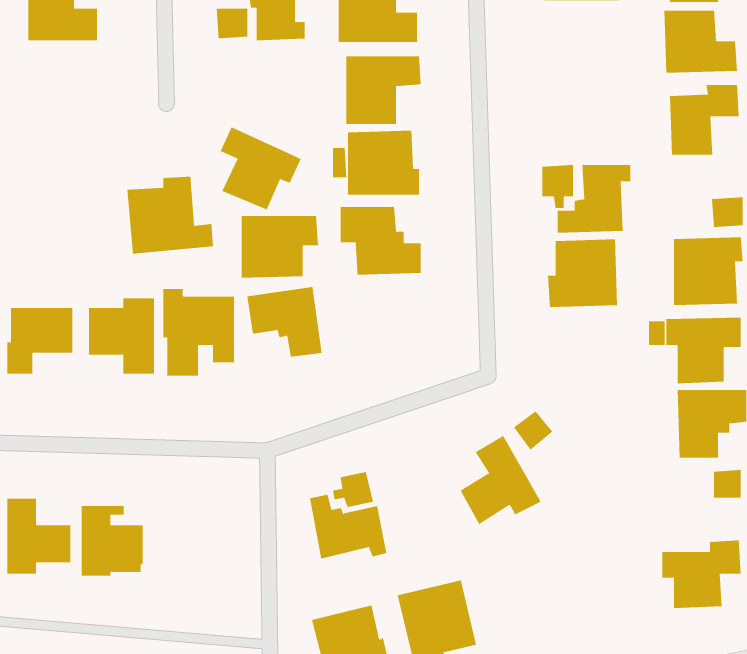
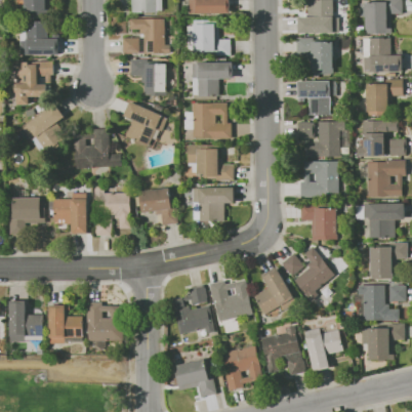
building: none -> [297,37,334,73]
building: none -> [130,58,167,96]
building: none -> [17,61,53,105]
building: none -> [297,80,331,115]
building: none -> [23,105,67,152]
building: none -> [358,120,399,156]
building: [241,215,319,278] -> [192,188,234,221]
building: none -> [300,203,338,239]
building: none -> [293,246,335,300]
building: none -> [209,279,253,321]
building: none -> [359,285,400,321]
building: none -> [86,302,122,340]
building: none -> [261,325,305,375]
building: none -> [305,329,344,371]

